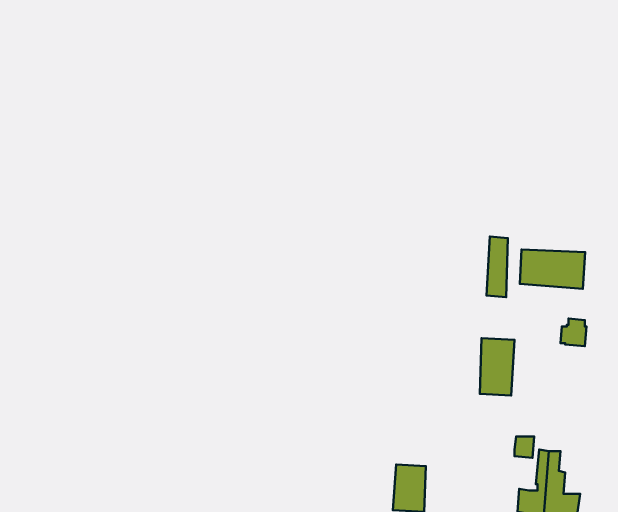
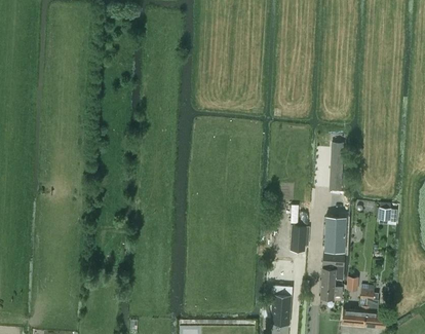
building: [520,249,585,289] -> none
building: none -> [320,253,345,300]

